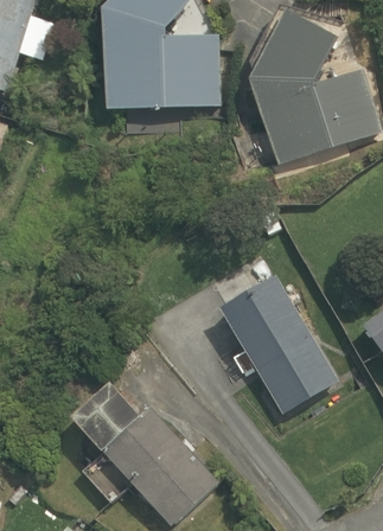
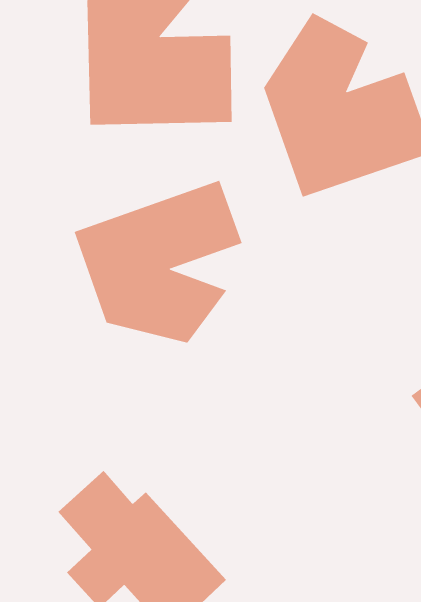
building: none -> [74,180,243,343]
building: [215,270,340,416] -> none

